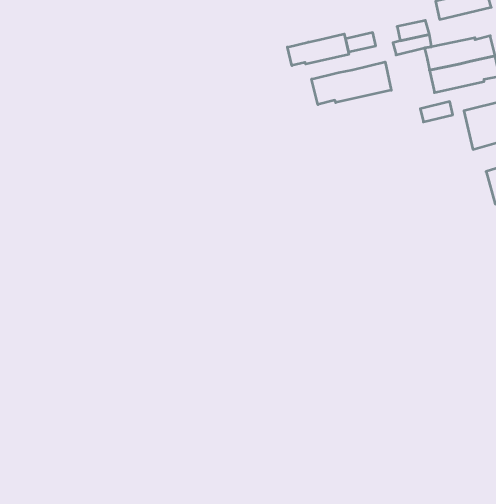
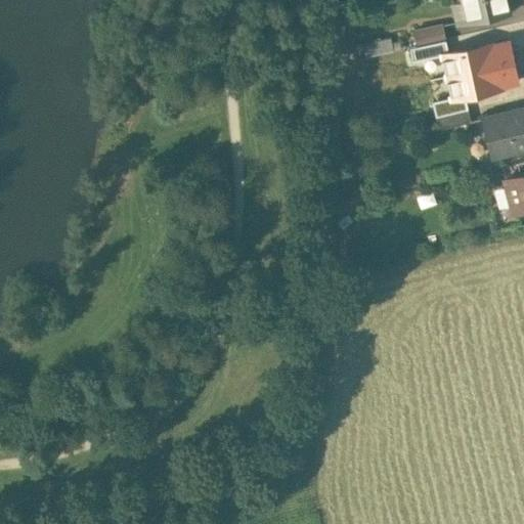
building: [287,34,349,66] -> none
building: [312,62,391,105] -> none

